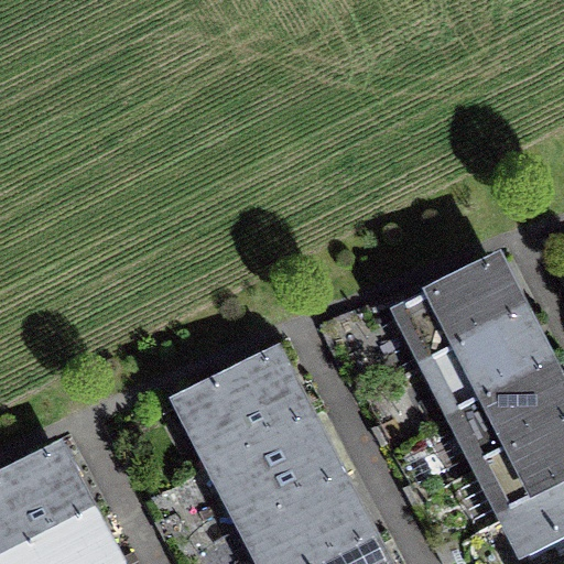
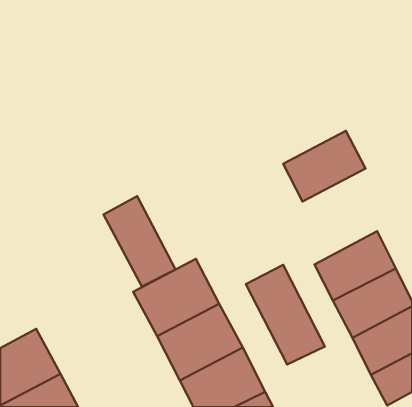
building: [403,264,516,361] -> [283,131,365,202]
building: none -> [104,196,176,287]
building: none -> [246,265,325,365]

